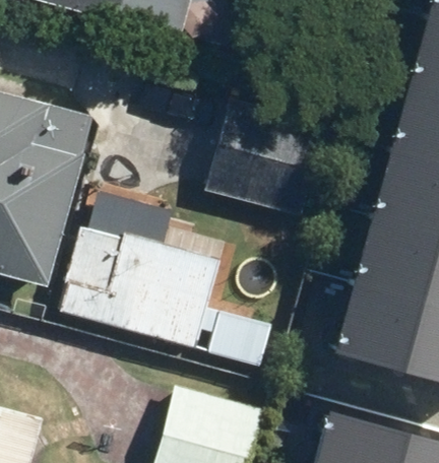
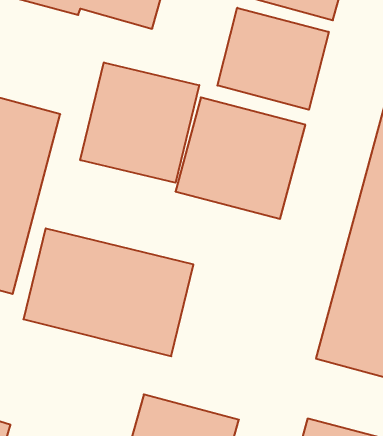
building: none -> [217,8,329,110]
building: none -> [80,62,199,183]

